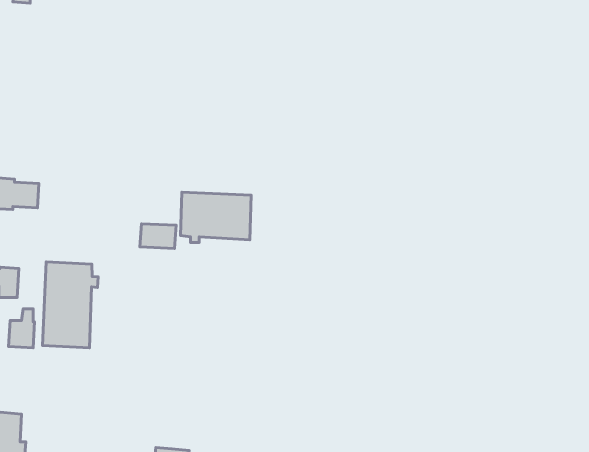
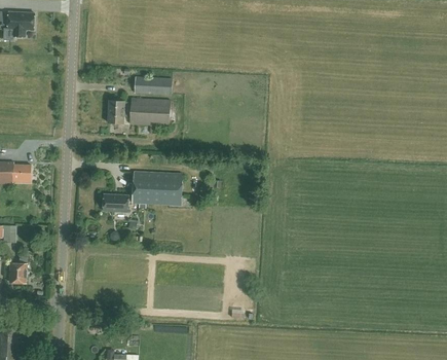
building: none -> [134,77,172,96]
building: none -> [107,99,171,127]
building: [43,262,98,348] -> none

